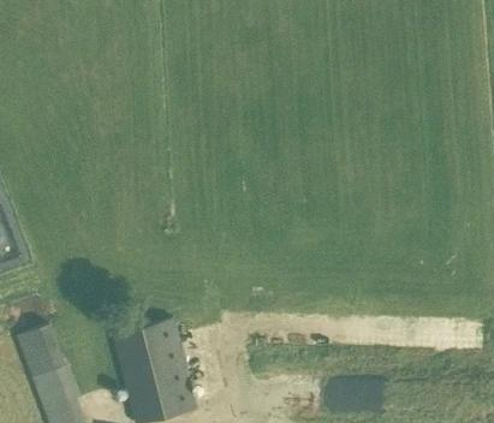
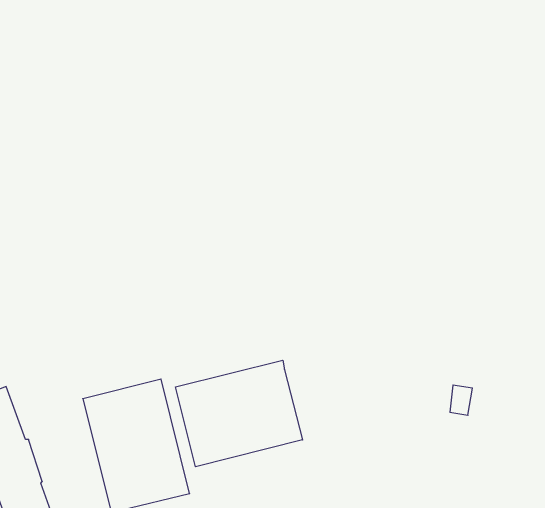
building: none -> [176,360,303,467]

